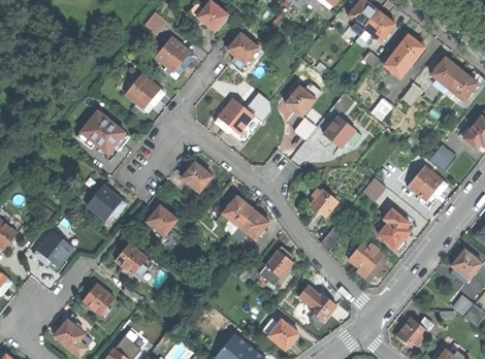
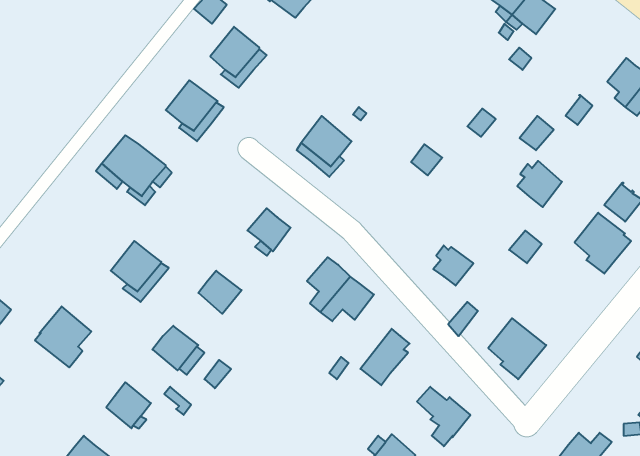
building: [227,33,257,67] -> none
building: [383,34,424,77] -> none
building: [285,85,320,116] -> none
building: [323,116,354,148] -> [517,161,562,207]
building: [377,208,409,248] -> none

